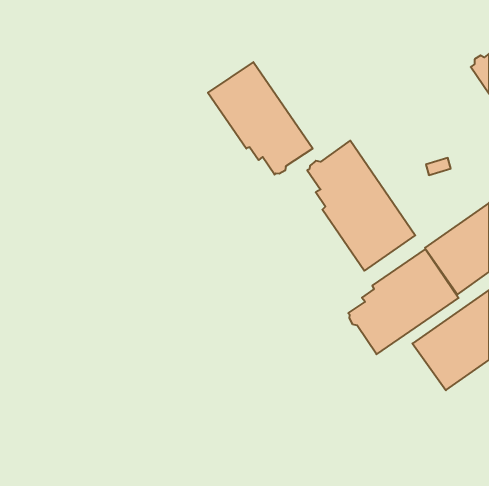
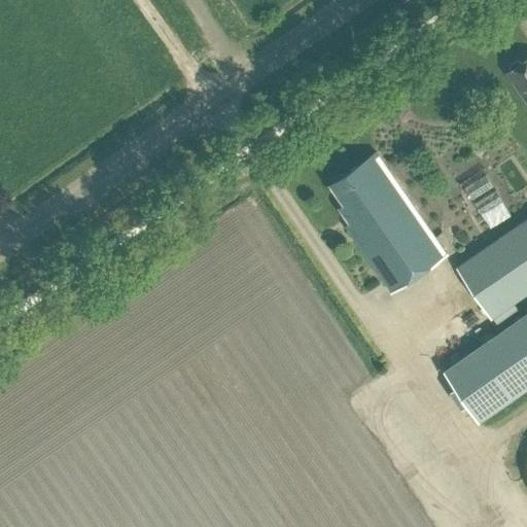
building: [208,62,313,175] -> none
building: [348,249,459,354] -> none

